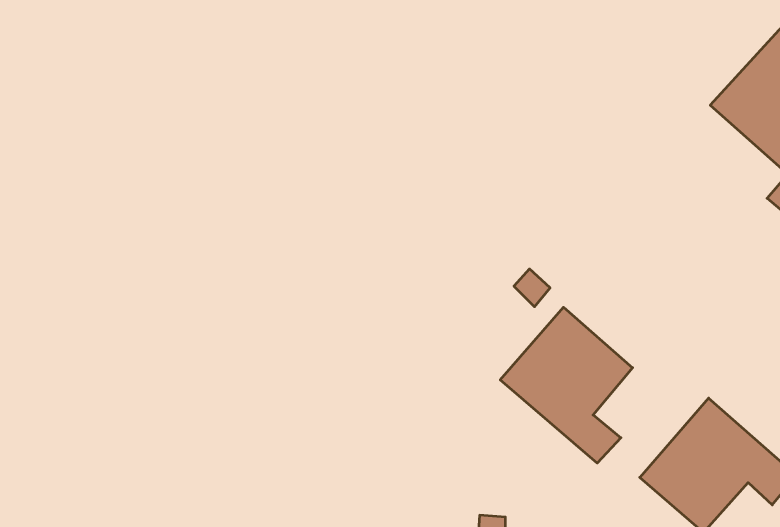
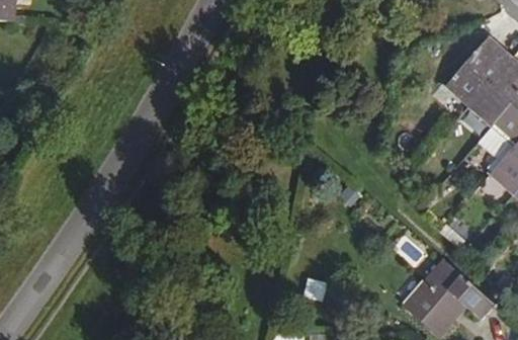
building: [500,307,633,463] -> none

